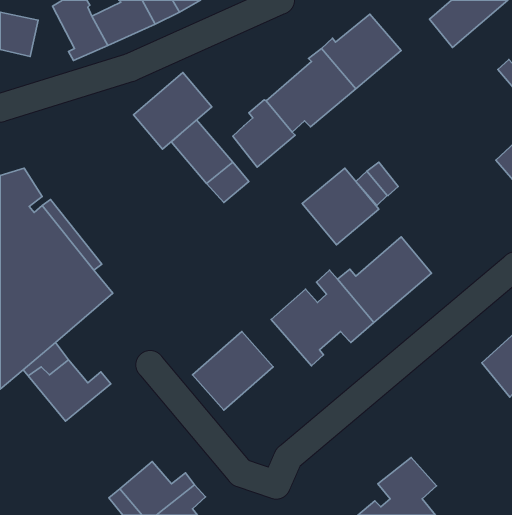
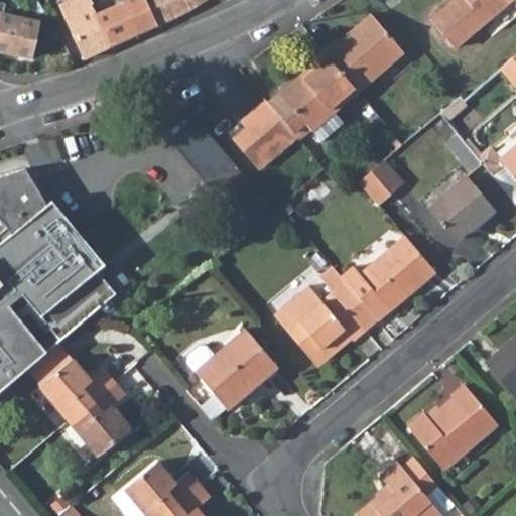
building: [134,73,212,149] -> none
building: [302,168,379,245] -> none
building: none -> [428,176,495,241]
building: none -> [69,384,129,456]
building: none -> [406,388,495,472]

